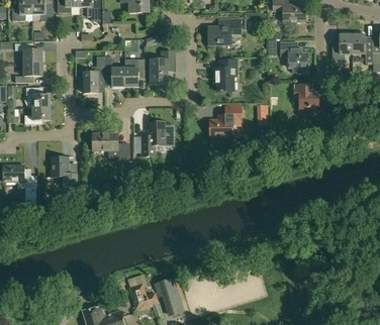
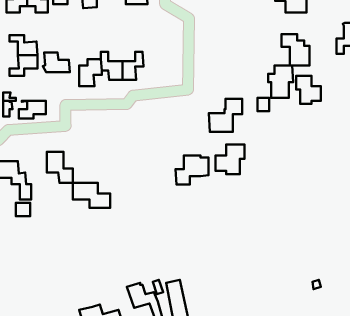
building: [209,19,241,44] -> none
building: [152,52,173,83] -> none
building: [213,60,238,91] -> [268,65,293,98]
building: [24,88,51,107] -> [43,53,70,72]
building: [140,123,173,151] -> [175,156,209,185]
building: [92,133,128,157] -> [73,183,110,208]
building: none -> [215,145,245,174]

